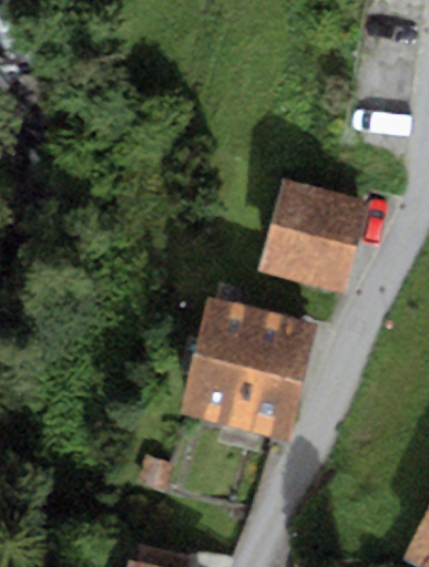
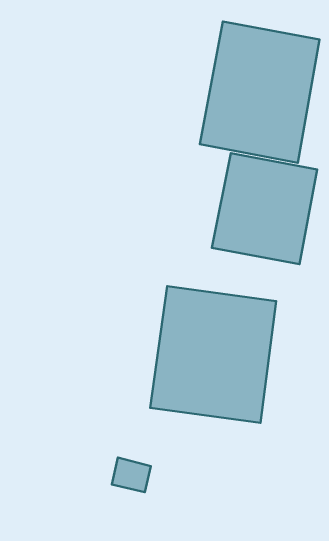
building: none -> [200,22,320,163]

